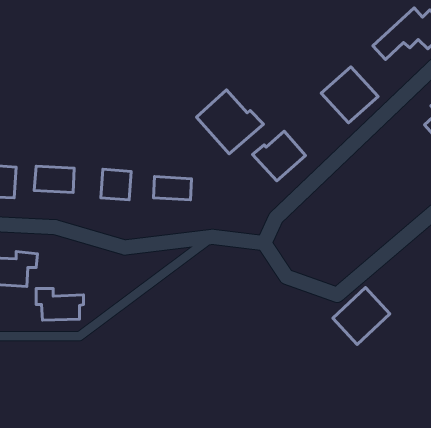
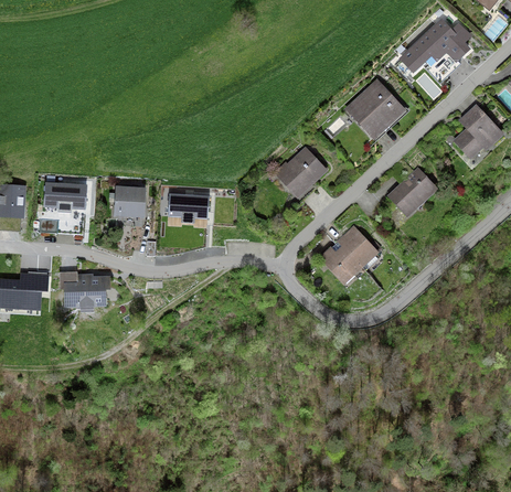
building: [196,90,263,154] -> none
building: none -> [387,168,438,217]
building: [333,288,390,345] -> [319,225,379,285]
building: [36,289,84,320] -> [58,270,108,303]

